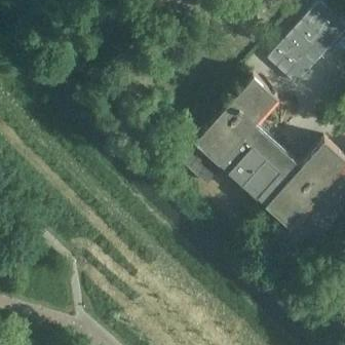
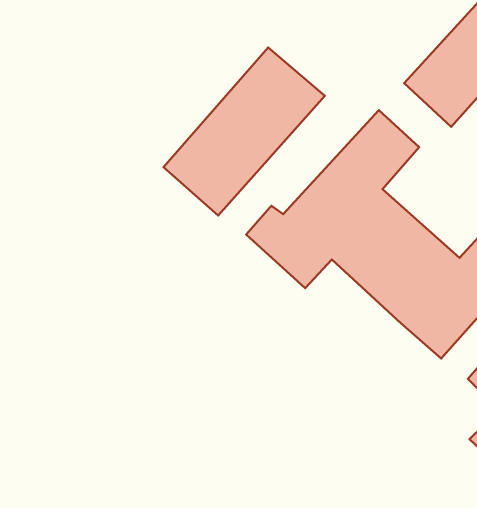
building: none -> [164,48,325,216]

